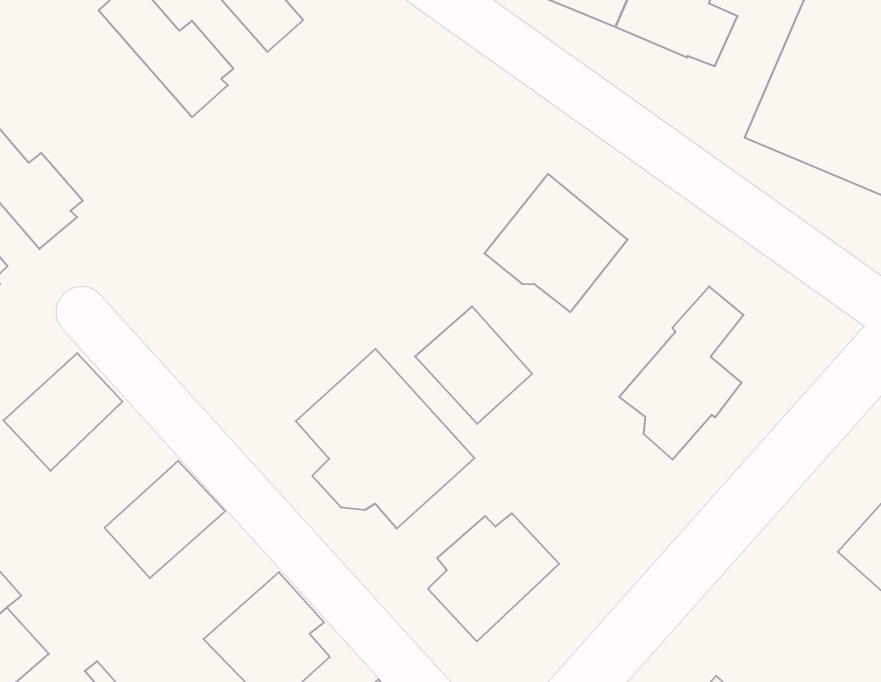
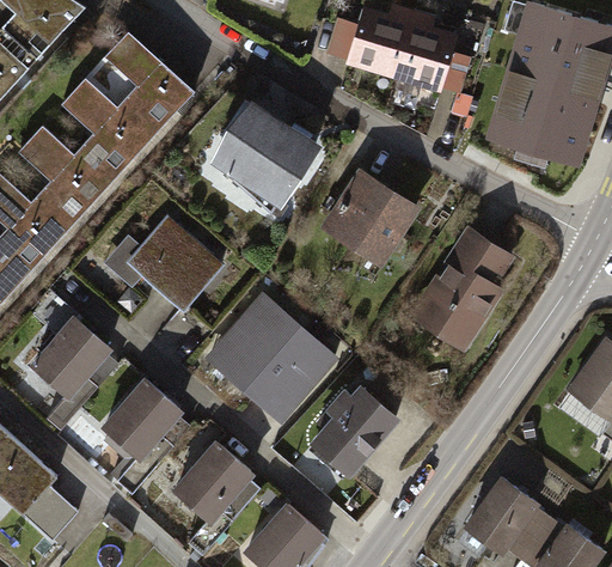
building: none -> [20,126,110,209]
building: none -> [224,105,314,214]
building: none -> [128,219,220,309]
building: [415,306,532,424] -> none

